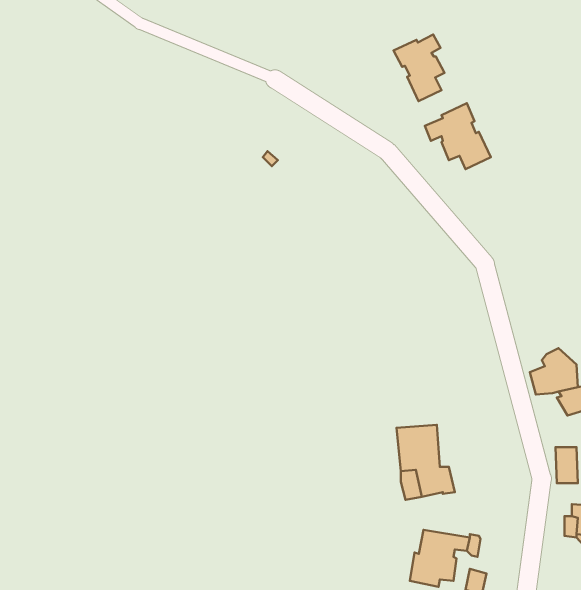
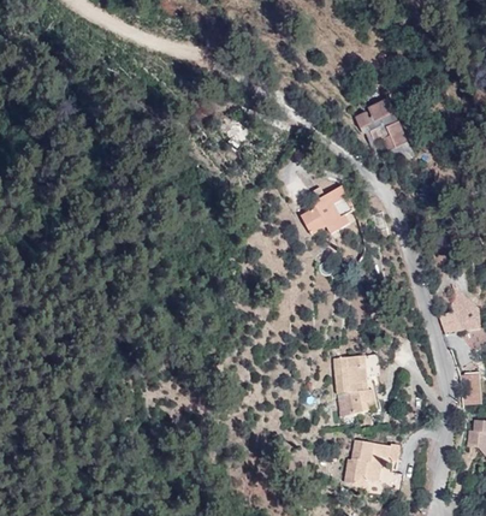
building: [394,34,444,101] -> none
building: none -> [301,185,355,233]

